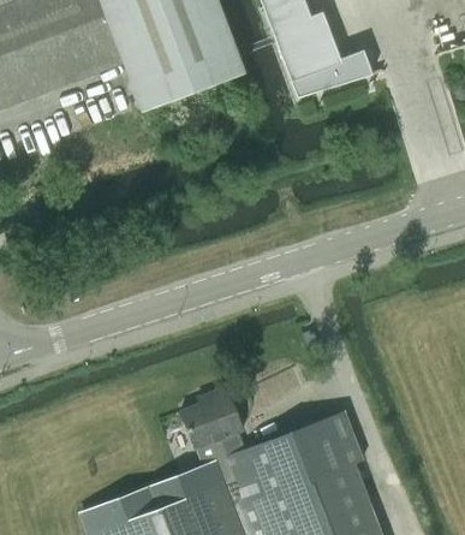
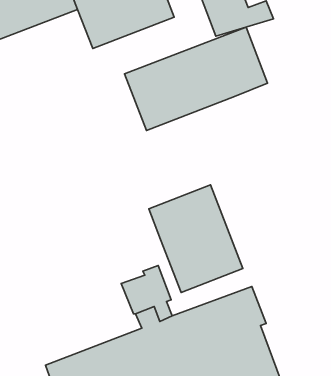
building: none -> [125,27,268,130]
building: none -> [149,185,243,293]

